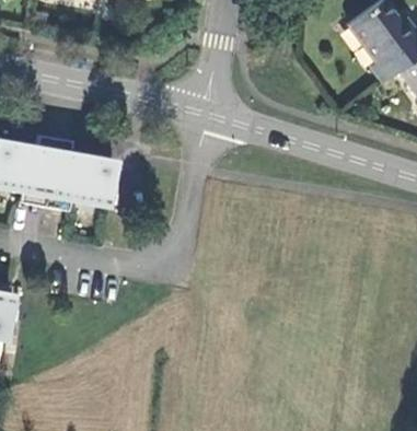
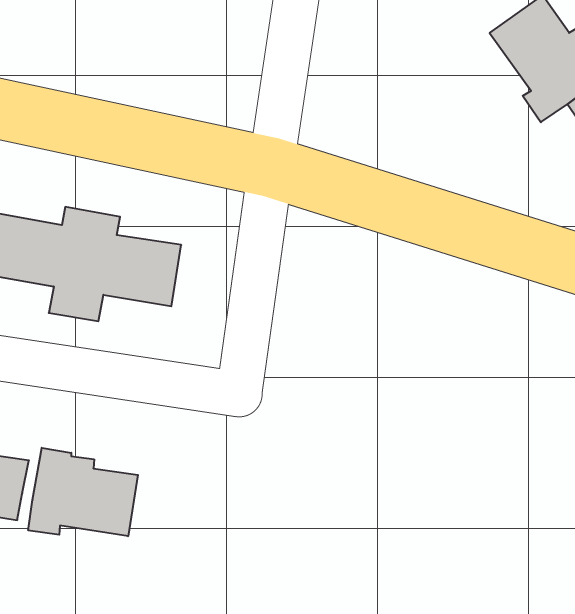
building: none -> [28,448,138,536]

